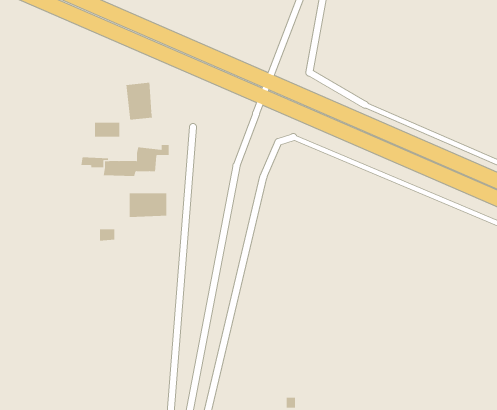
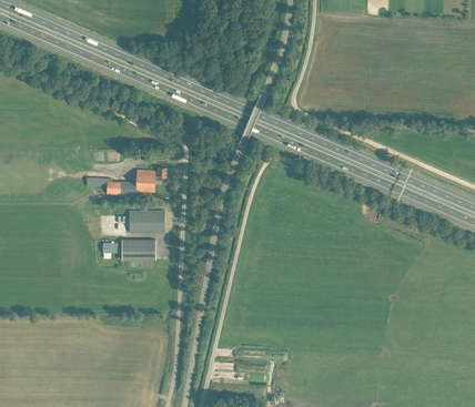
building: [126,82,152,121] -> none
building: none -> [121,240,155,261]

